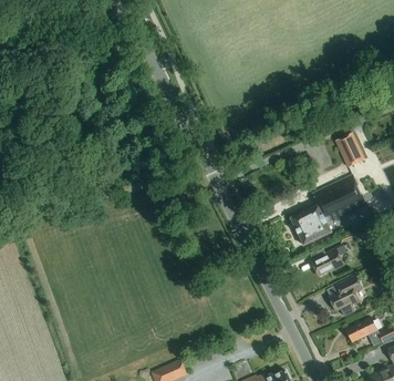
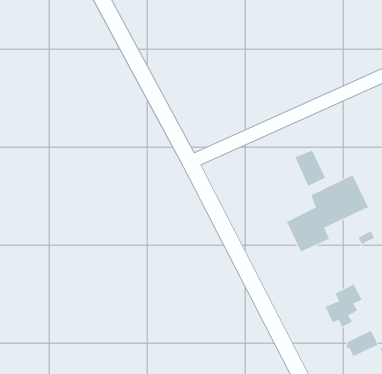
building: [335,134,364,167] -> [294,150,326,186]
building: [312,244,346,275] -> none

